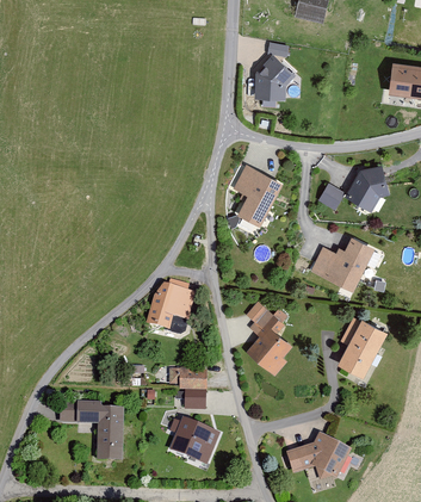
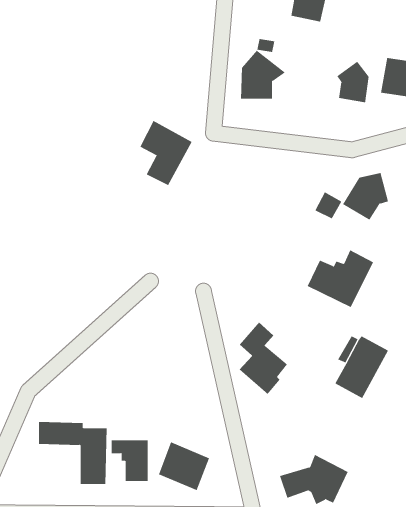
building: none -> [337,61,369,103]
building: [233,165,283,227] -> [139,120,192,186]
building: [147,278,197,330] -> none
building: [169,368,205,408] -> [111,440,149,481]

